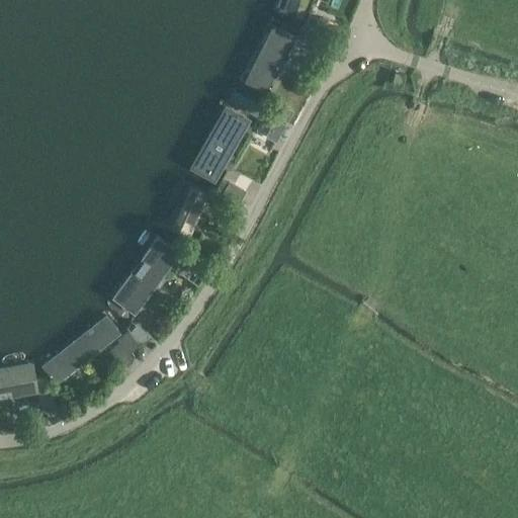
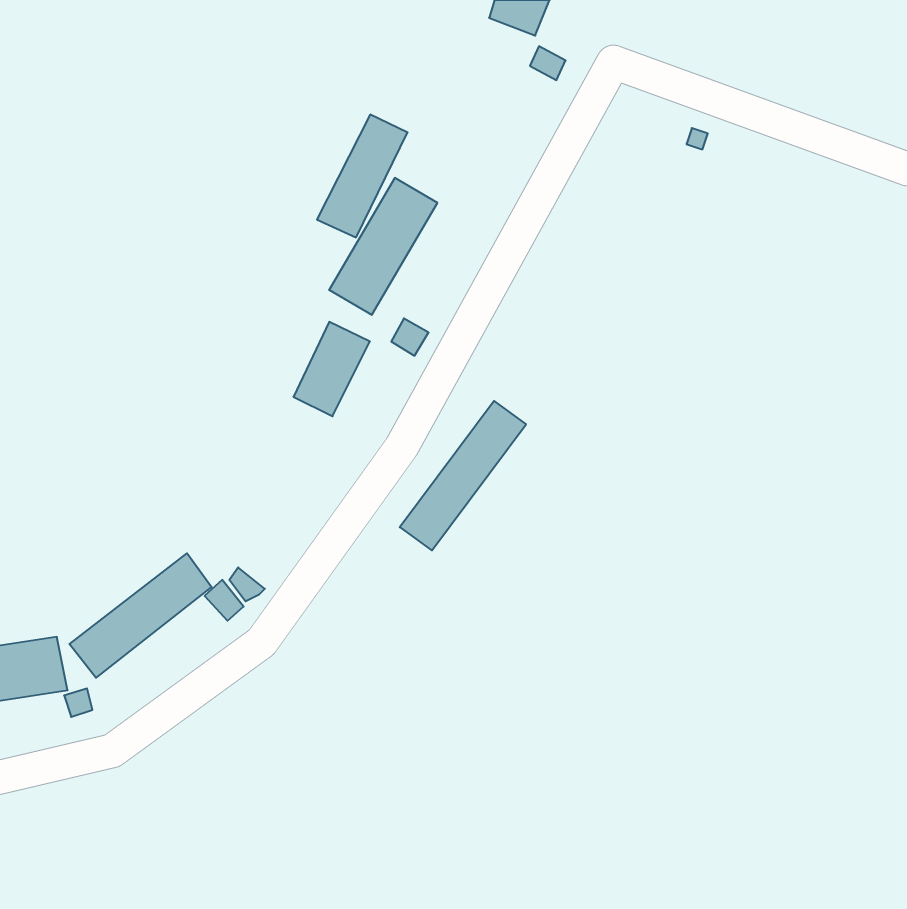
building: [245,23,296,93] -> [317,115,408,237]
building: [111,236,183,321] -> [400,401,526,550]

